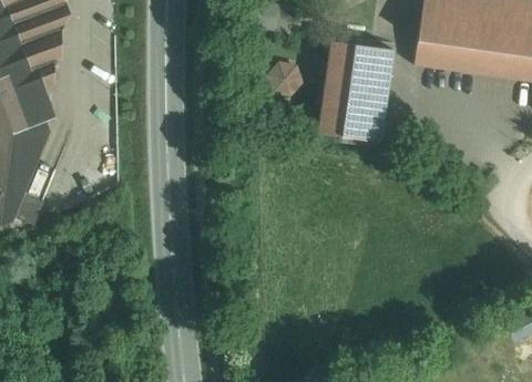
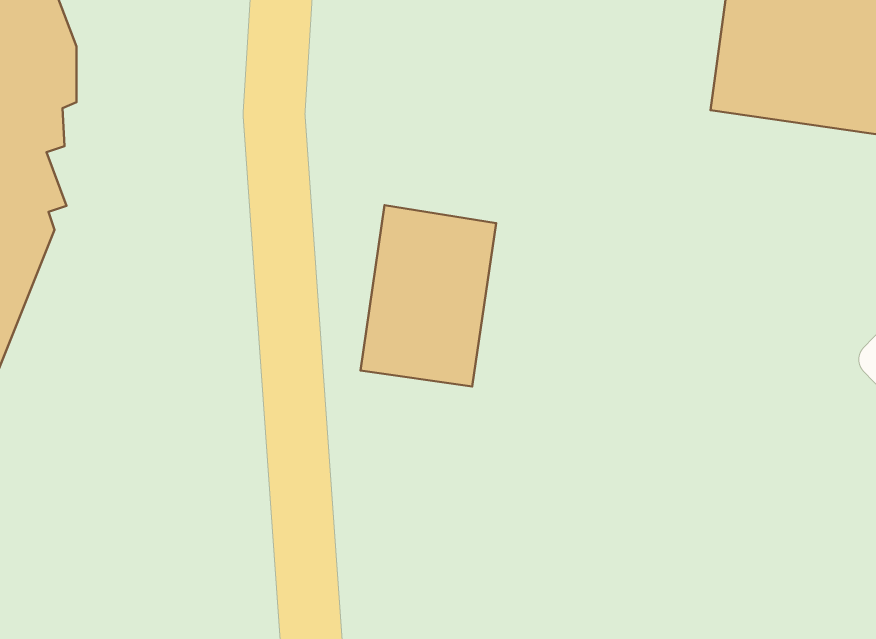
building: [318,40,393,141] -> [360,205,496,387]
building: [269,64,300,94] -> none

